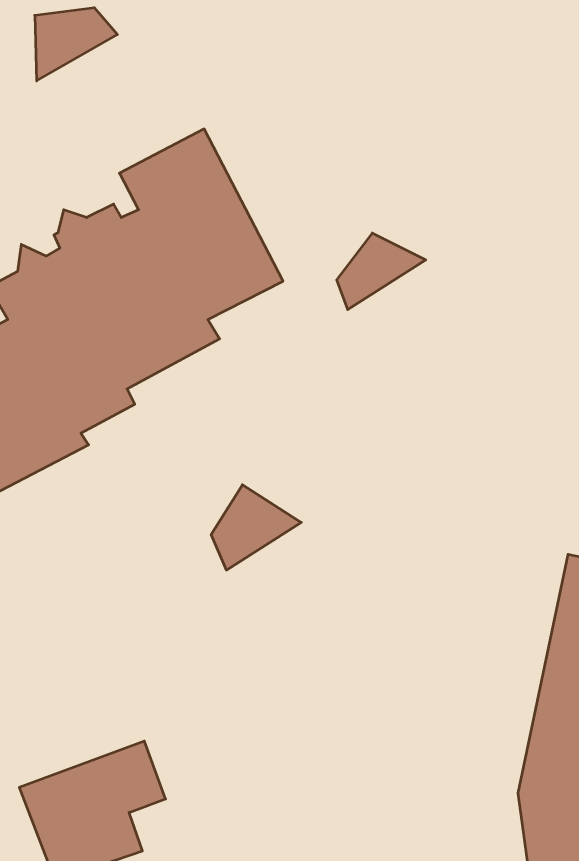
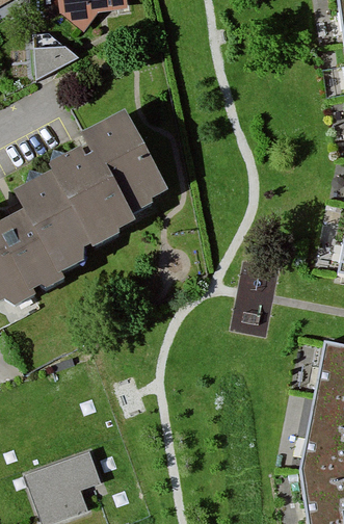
building: [337,233,426,310] -> none
building: [211,485,301,570] -> none

